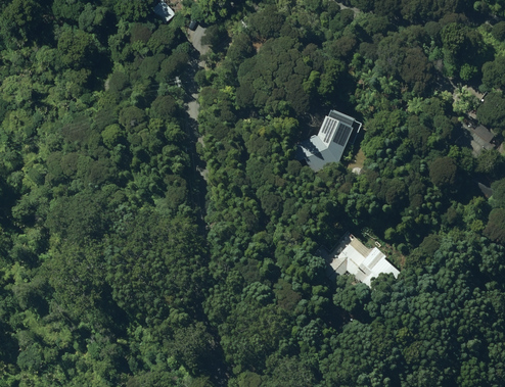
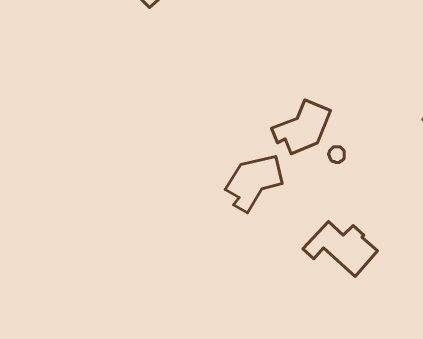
building: none -> [225,156,282,213]

